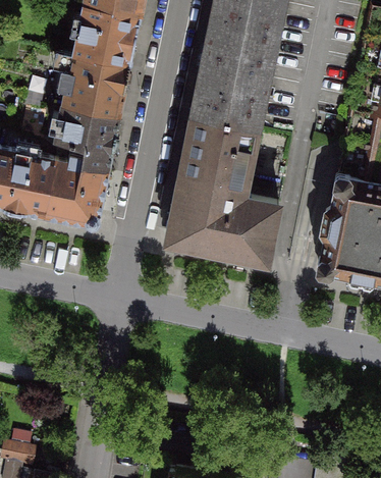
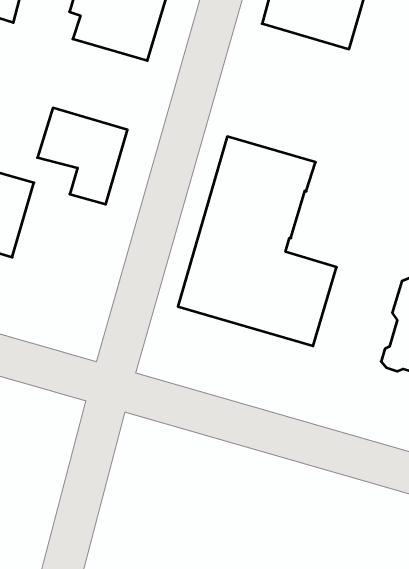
building: [190,33,273,129] -> none
building: [63,55,128,117] -> none
building: [43,161,107,226] -> none

